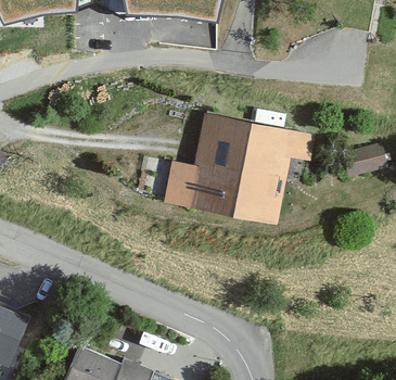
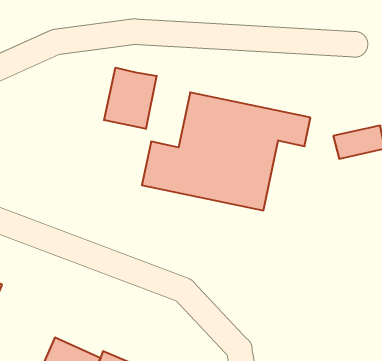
building: none -> [104,68,157,129]

